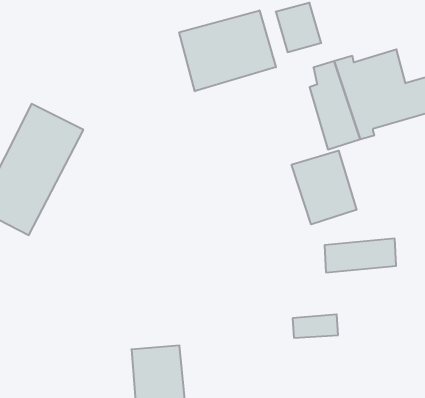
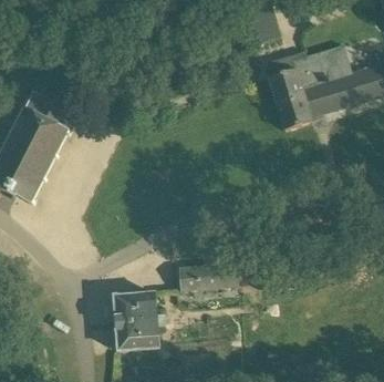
building: [179,10,276,91] -> none
building: [292,151,356,224] -> none
building: [325,239,396,272] -> [179,262,240,291]

